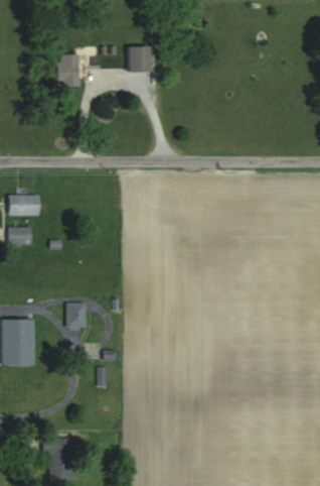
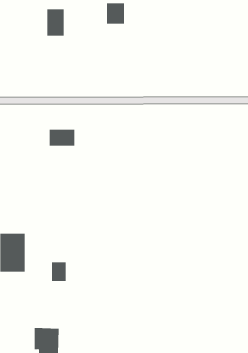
building: [8,196,39,216] -> [49,129,75,146]
building: [8,227,31,245] -> none
building: [67,305,86,328] -> [51,262,66,282]

